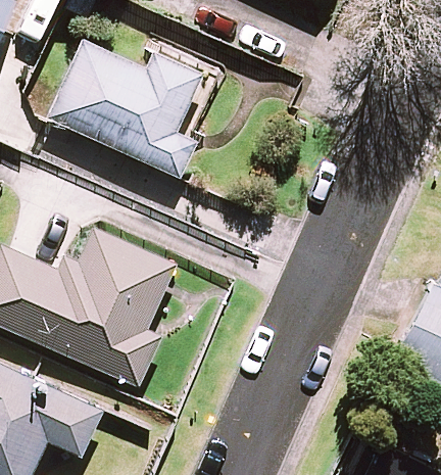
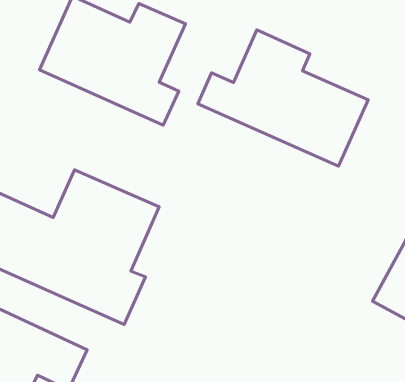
building: none -> [198,30,368,166]

